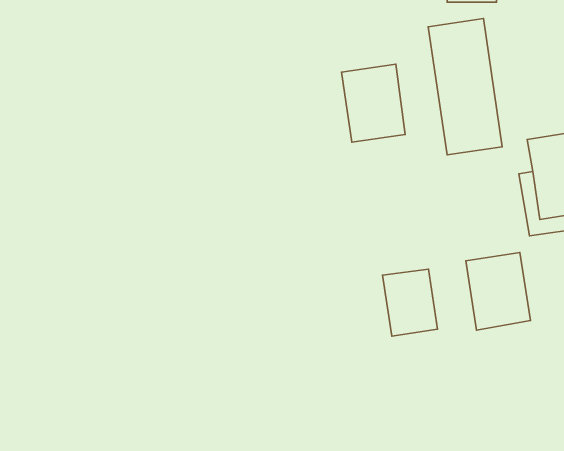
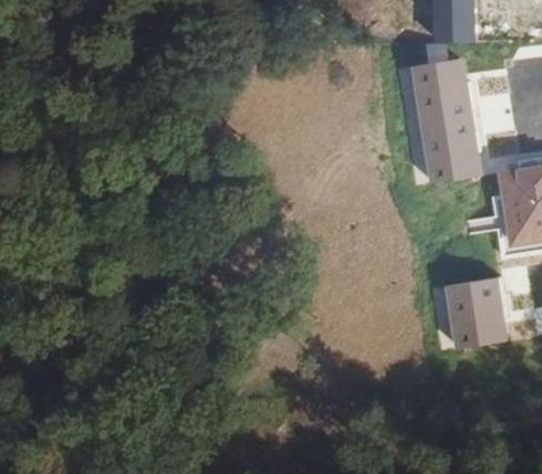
building: [342,64,405,142] -> none
building: [383,269,437,336] -> none

